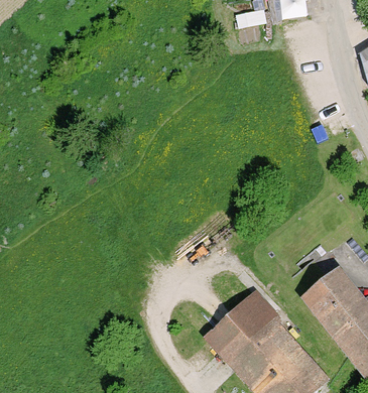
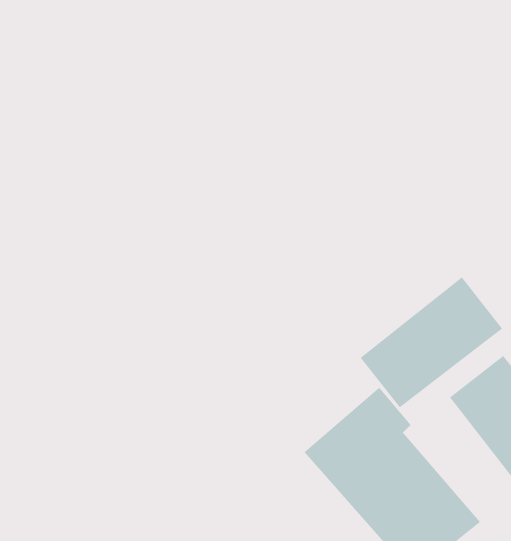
building: none -> [360,277,503,408]

